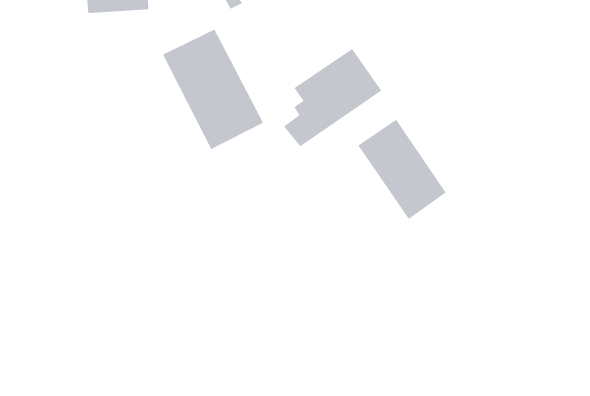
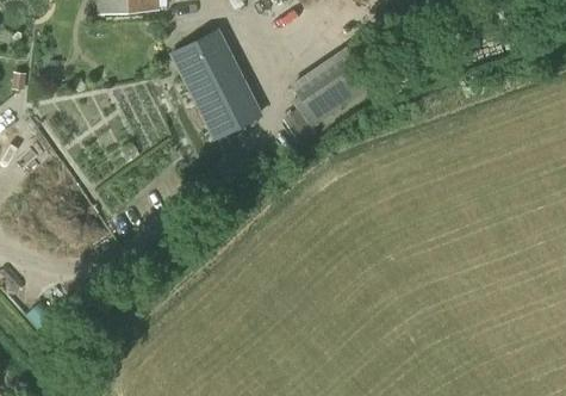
building: [357,119,447,220] -> none

